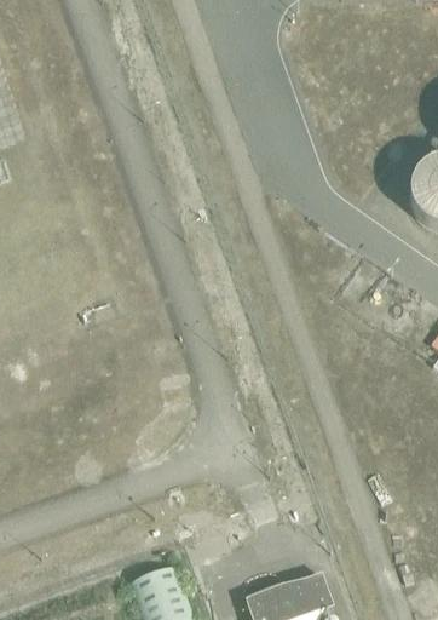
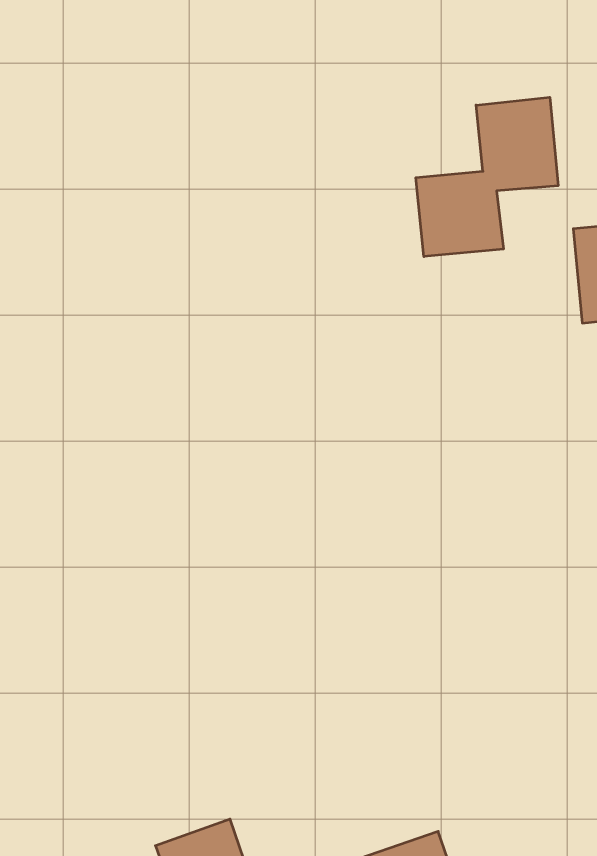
building: none -> [416,97,558,257]

